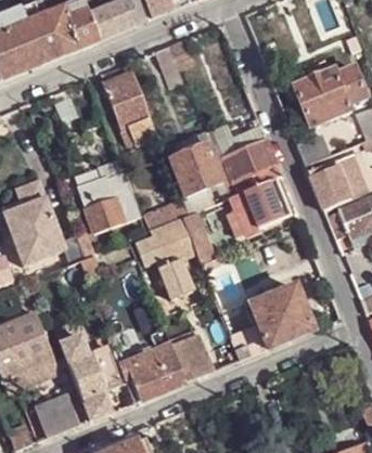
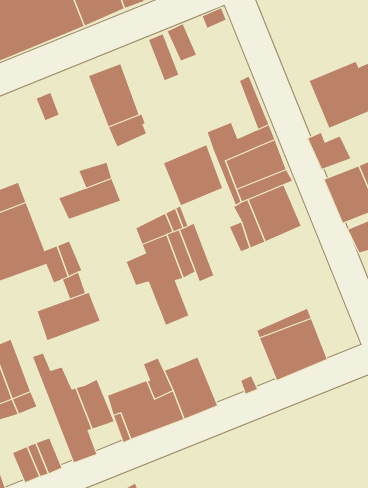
building: [86,191,141,233] -> [37,292,100,341]

